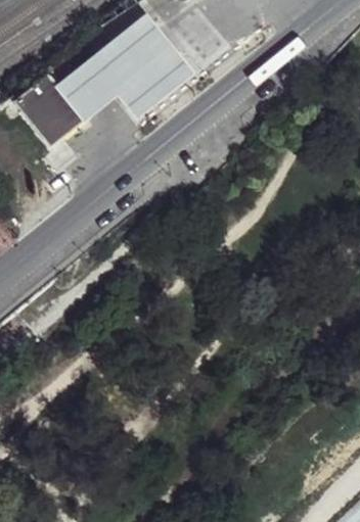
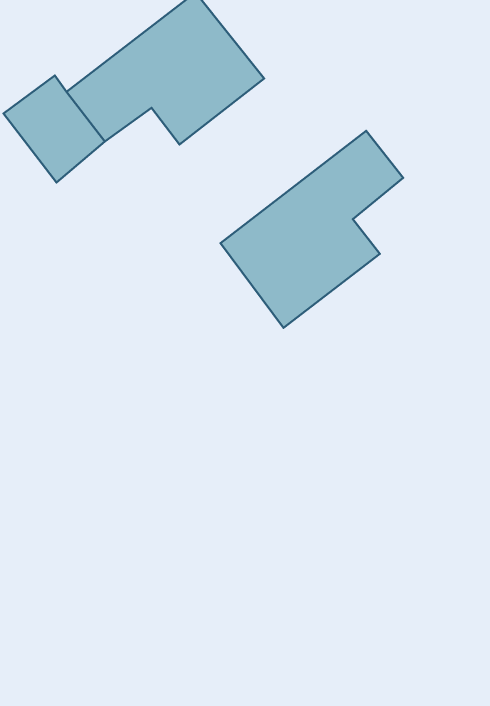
building: none -> [221,131,403,328]

